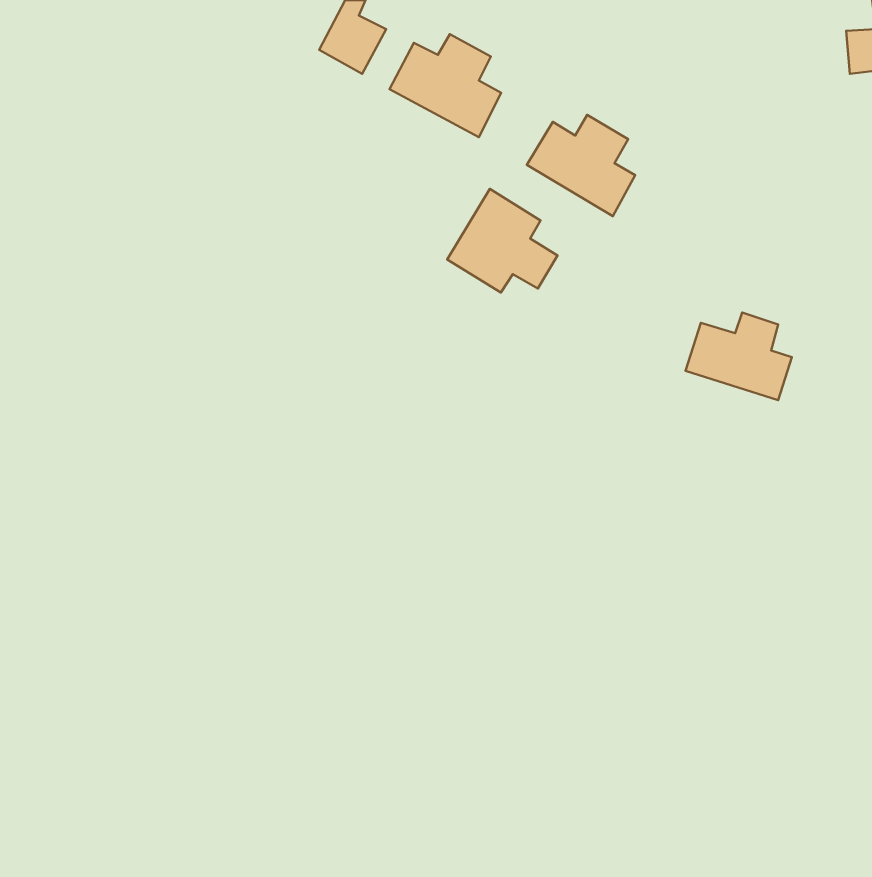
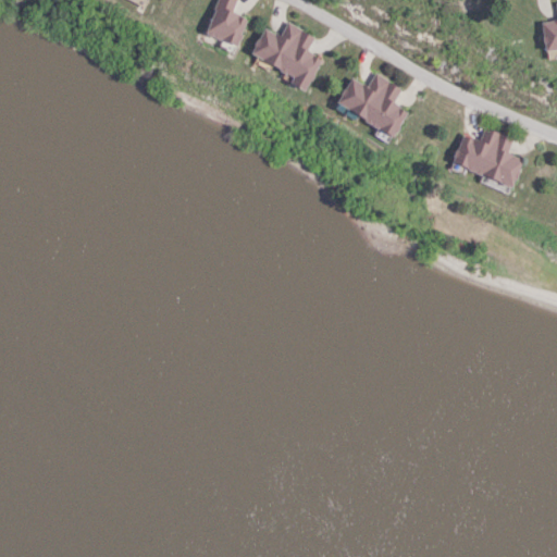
building: [447,189,557,292] -> none
building: [685,313,792,400] -> [454,129,521,185]

